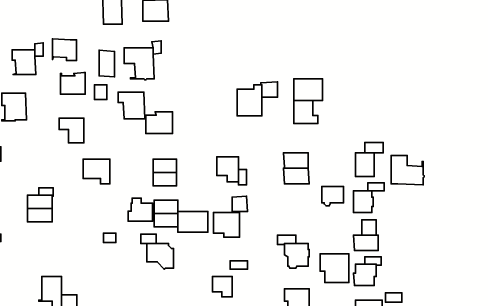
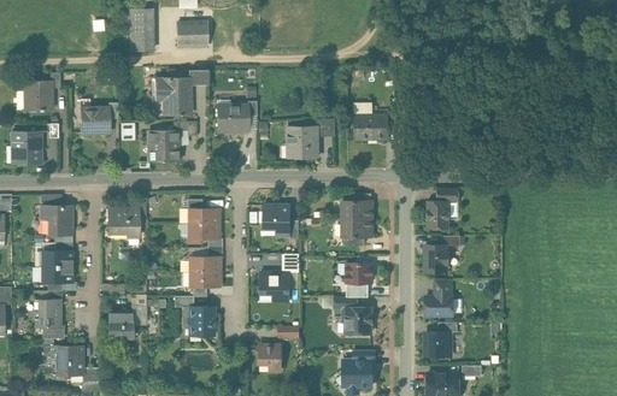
building: [53,39,77,60] -> none
building: [99,50,115,77] -> none
building: [294,100,318,123] -> none
building: [146,112,173,134] -> [217,105,248,130]
building: [59,118,84,143] -> [41,206,70,235]
building: [391,155,424,185] -> none
building: [322,186,344,206] -> [347,264,372,286]
building: [128,198,153,221] -> none
building: [178,211,208,232] -> none
building: none -> [36,299,63,338]
building: none -> [107,313,133,337]
building: [320,254,349,283] -> none

